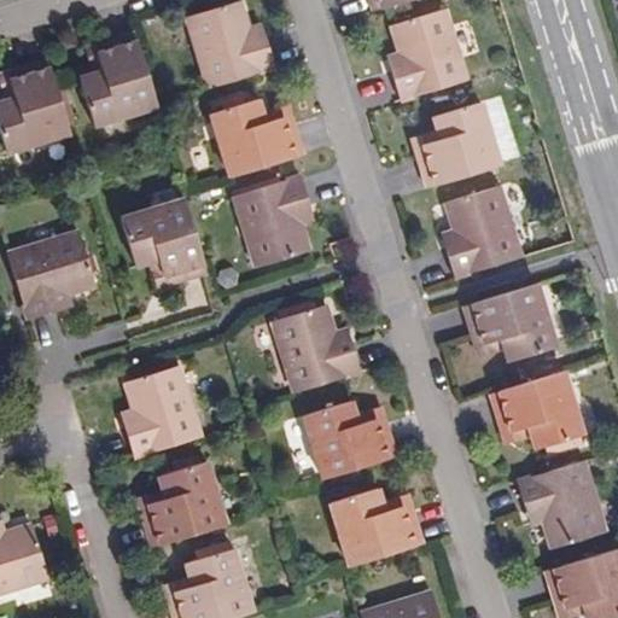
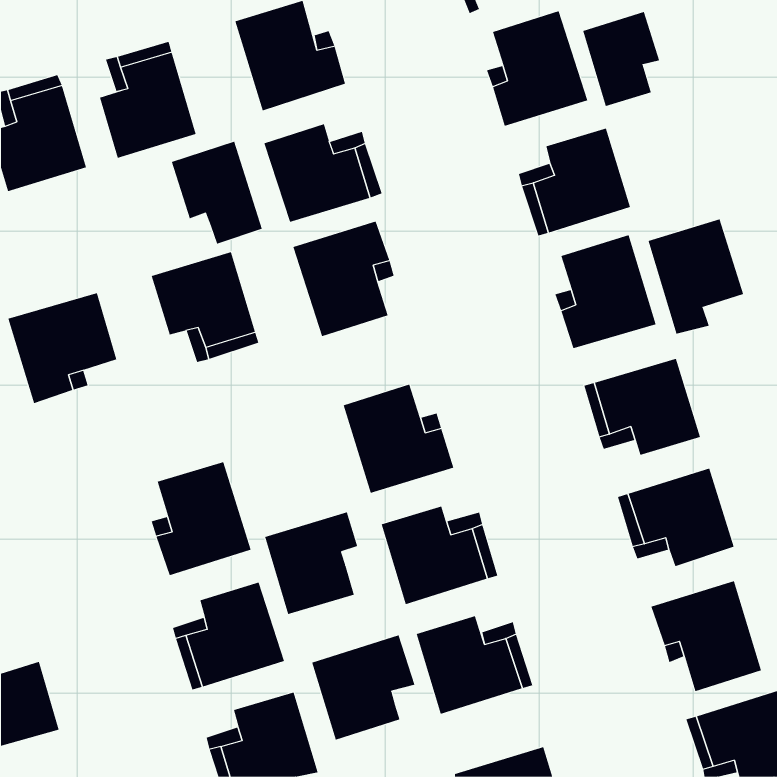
building: none -> [582,11,660,107]
building: none -> [171,141,262,244]
building: none -> [648,219,744,335]
building: none -> [264,511,358,615]
building: none -> [311,634,415,740]

